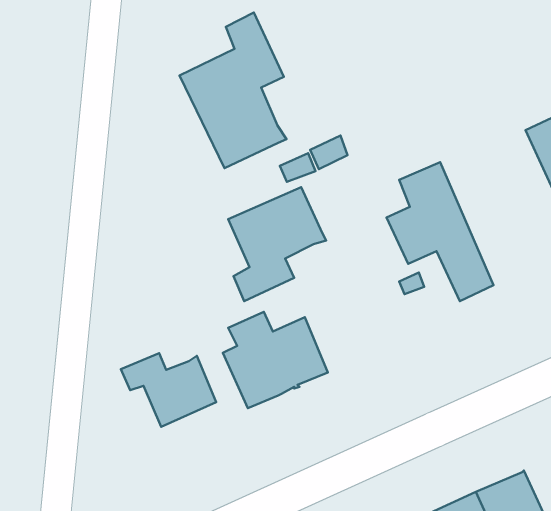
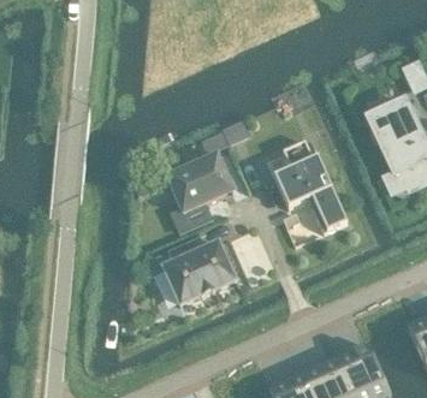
building: [179,13,287,168] -> none
building: [121,353,216,427] -> none

